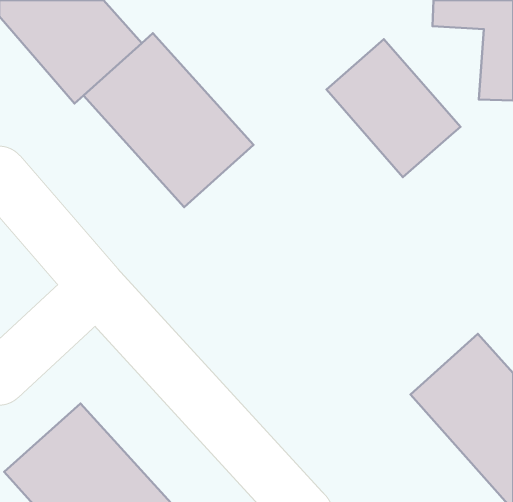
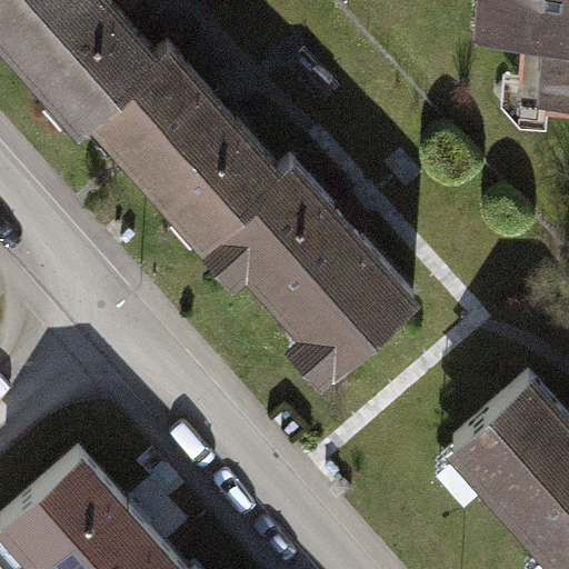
building: [326,39,460,177] -> none
building: none -> [203,164,412,382]

